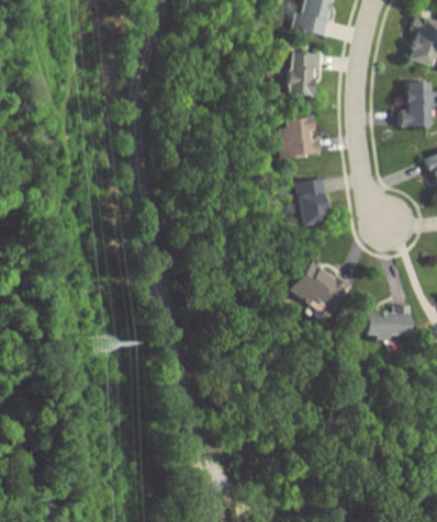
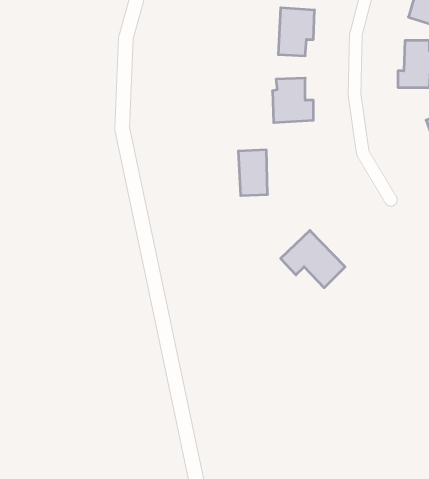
building: [299,180,326,223] -> [238,150,268,196]
building: [367,305,411,336] -> none

